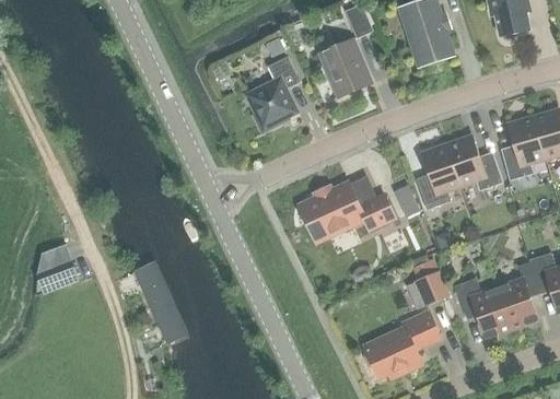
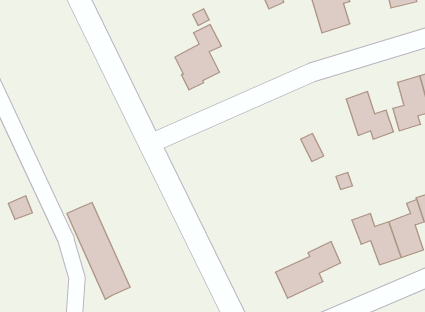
building: [320,38,371,97] -> none
building: [418,143,462,209] -> none
building: [300,183,395,239] -> none
building: [413,258,451,306] -> none

